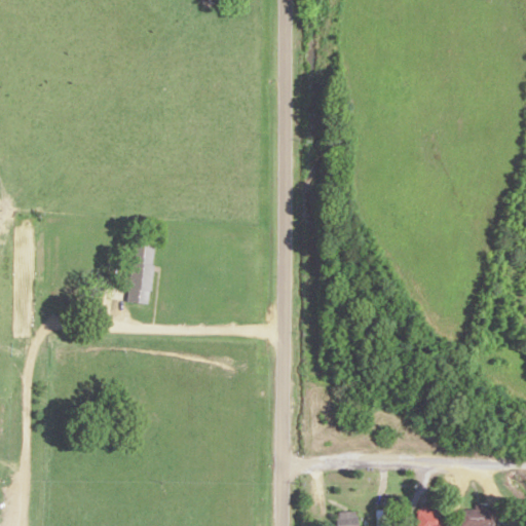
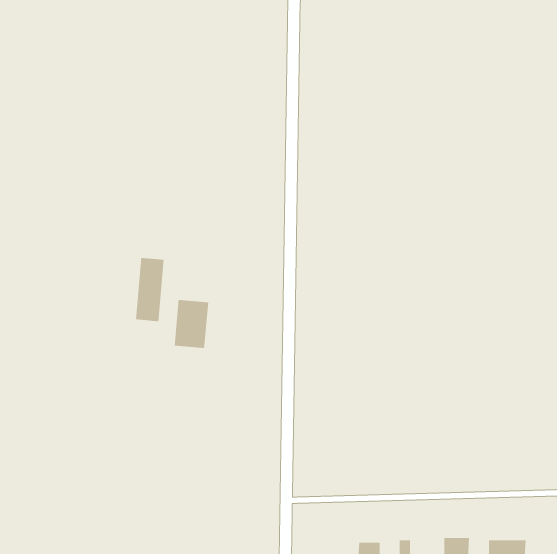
building: none -> [174,299,209,349]

